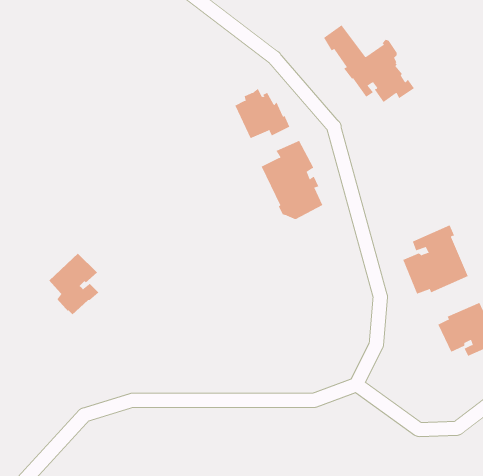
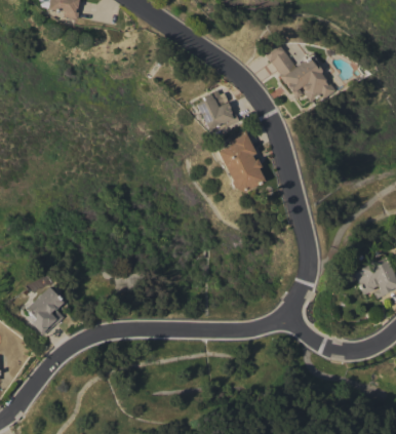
building: [403,224,468,295] -> none
building: [49,253,99,315] -> [26,287,65,336]

